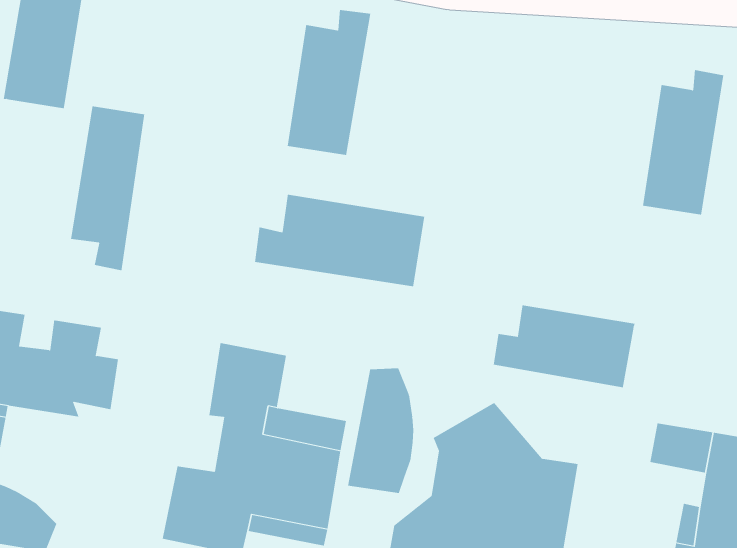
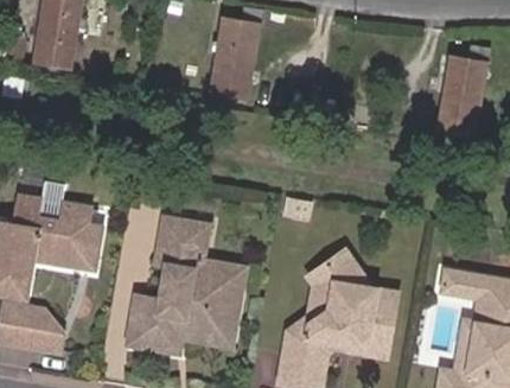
building: [71,105,145,271] -> none
building: [255,194,425,287] -> none
building: [493,304,635,388] -> none
building: [348,367,414,494] -> none

